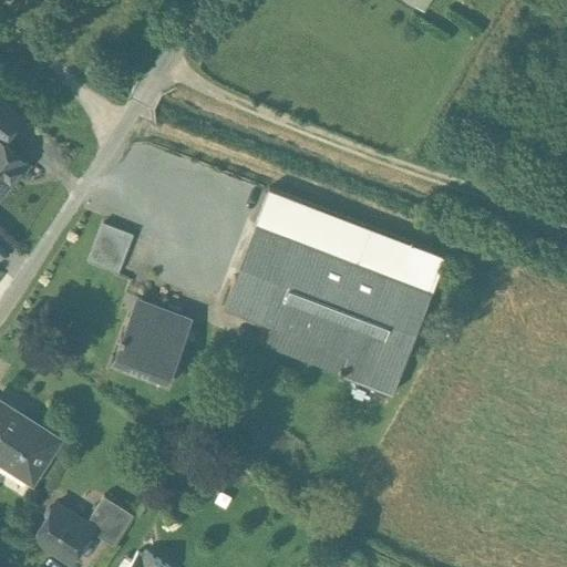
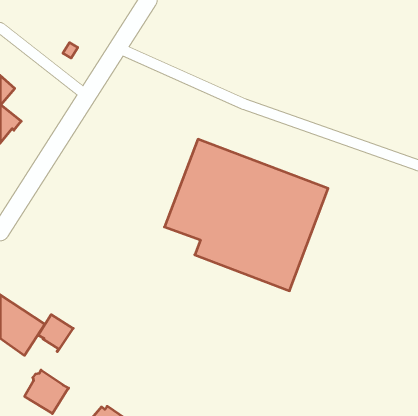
building: [87,226,133,276] -> none
building: [114,303,190,373] -> none
building: [85,496,133,546] -> [38,315,73,351]

